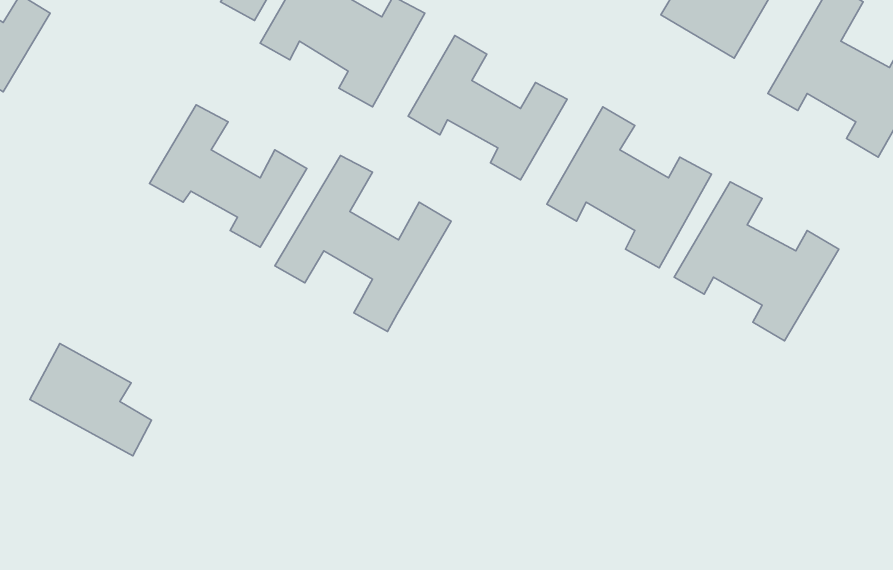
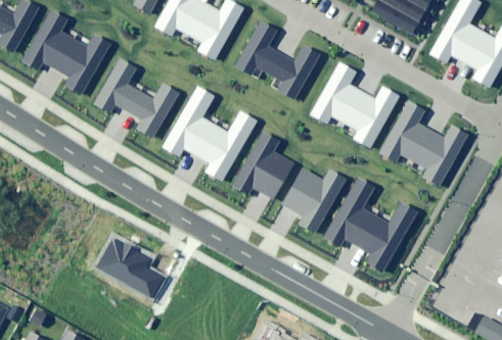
building: none -> [19,8,109,96]
building: none -> [231,131,292,198]
building: none -> [283,168,345,231]
building: none -> [321,178,417,273]
building: [30,343,152,456] -> [96,236,163,297]

